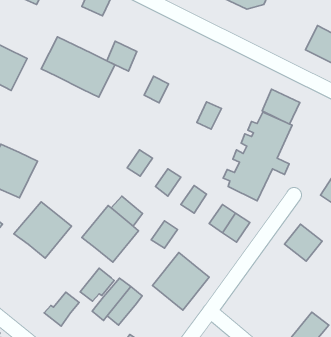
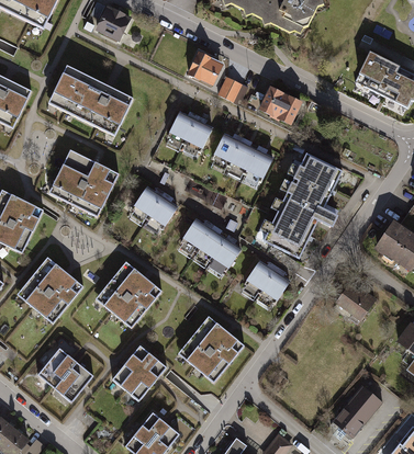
building: [107,41,137,71] -> [186,53,221,88]
building: none -> [217,76,246,103]
building: none -> [186,120,214,150]
building: [262,89,300,124] -> [257,87,301,127]
building: none -> [213,133,240,164]
building: none -> [246,148,275,180]
building: none -> [49,149,119,216]
building: none -> [133,185,163,217]
building: [111,196,143,226] -> none
building: [151,221,178,248] -> [195,228,226,260]
building: [80,268,114,301] -> [37,348,77,386]

